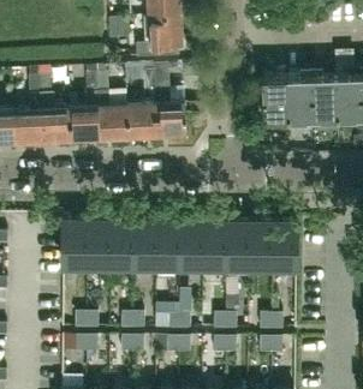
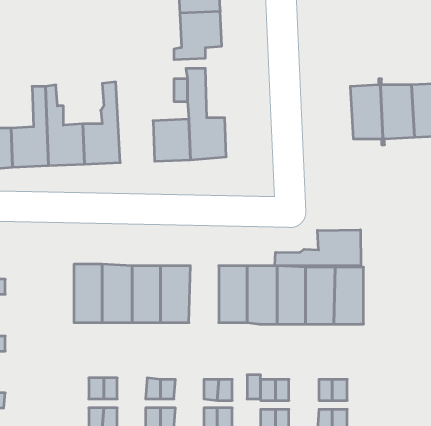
building: [260,72,287,125] -> none
building: [96,73,127,138] -> none
building: none -> [275,230,361,266]
building: [155,221,179,267] -> none

